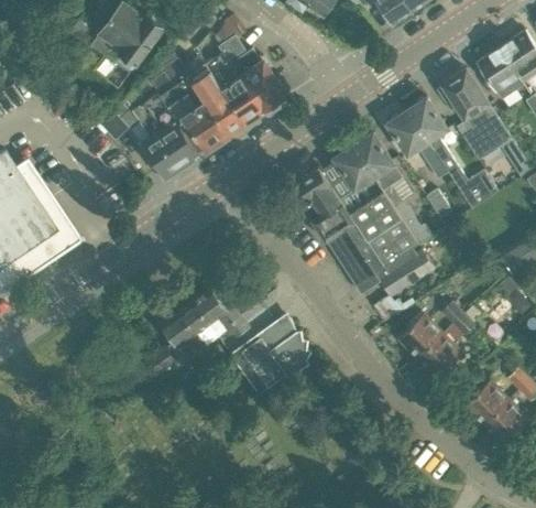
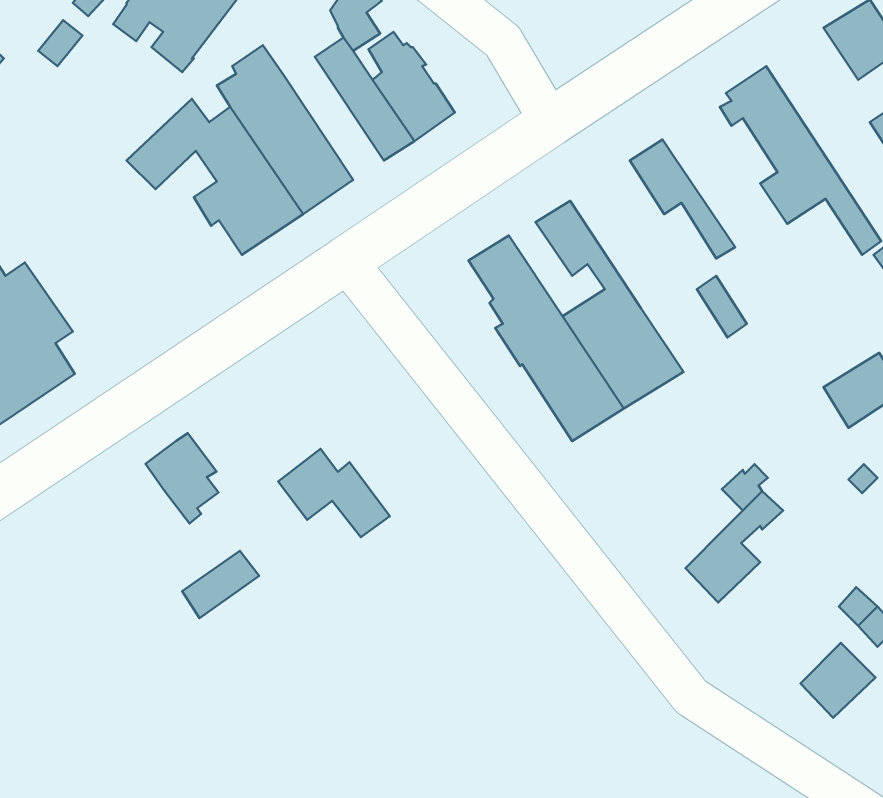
building: [477,47,524,99] -> none
building: [189,64,247,134] -> none
building: [406,98,497,209] -> none
building: [353,132,431,245] -> none
building: [354,248,434,296] -> none
building: [162,307,204,359] -> [145,433,218,523]
building: [400,314,442,357] -> none
building: [241,318,311,396] -> none
building: [466,381,508,423] -> none

